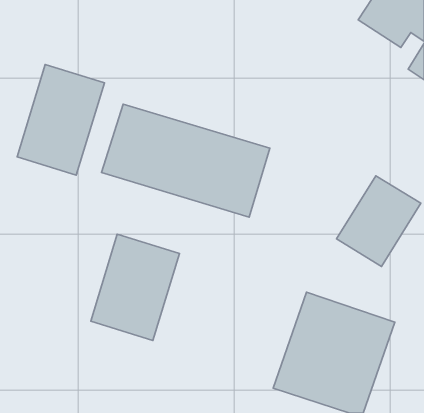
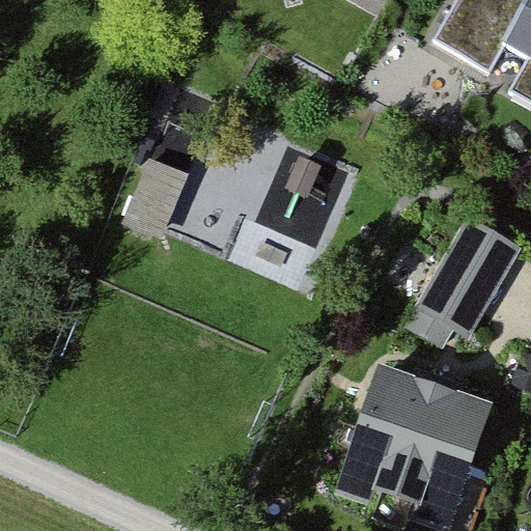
building: [17,65,104,175] -> none
building: [91,234,179,340] -> none

